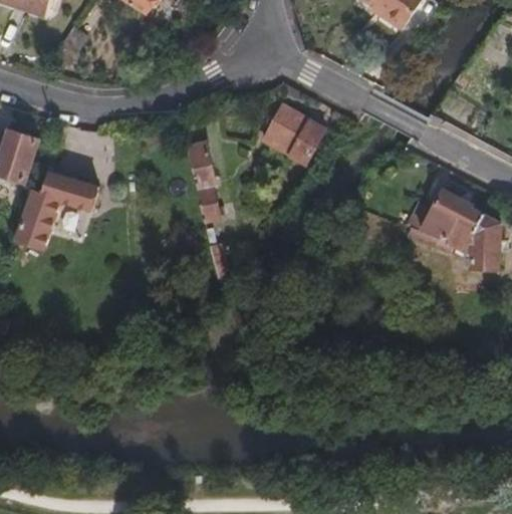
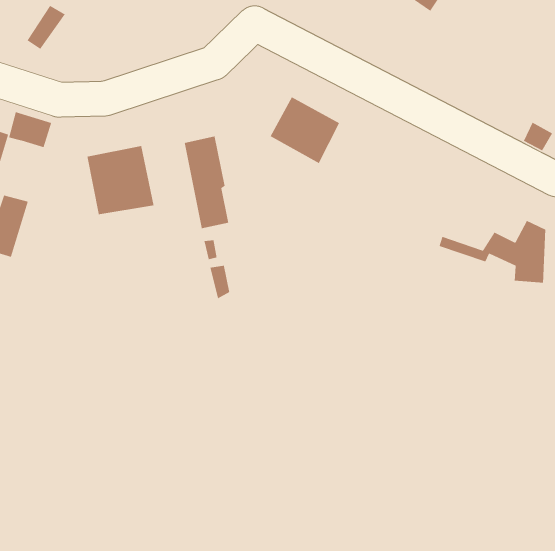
building: none -> [86,145,155,215]
building: [42,172,80,204] -> [8,111,52,148]
building: [407,188,485,240] -> none

